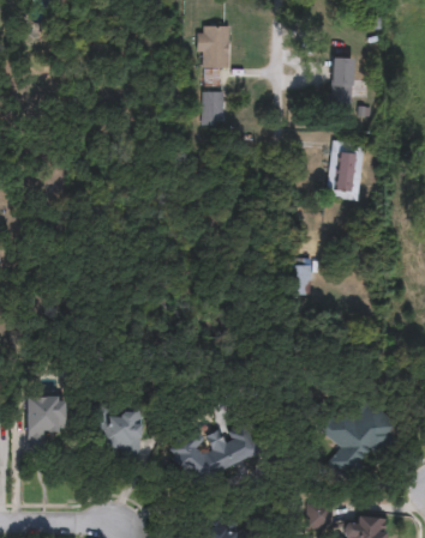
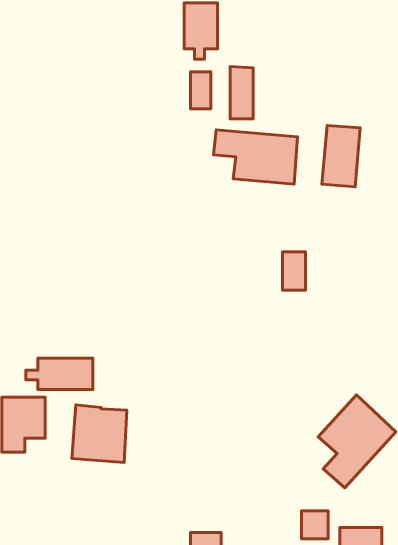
building: [331,58,353,107] -> [230,66,253,119]
building: none -> [213,130,297,184]
building: none -> [26,358,93,390]
building: [172,430,258,489] -> none

